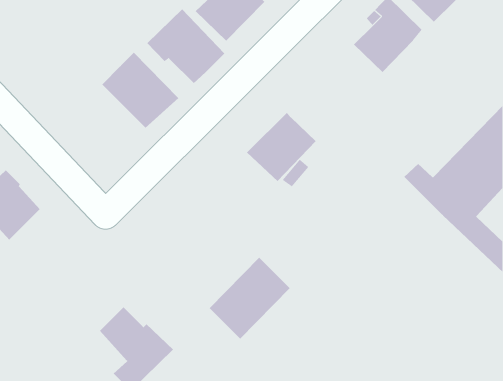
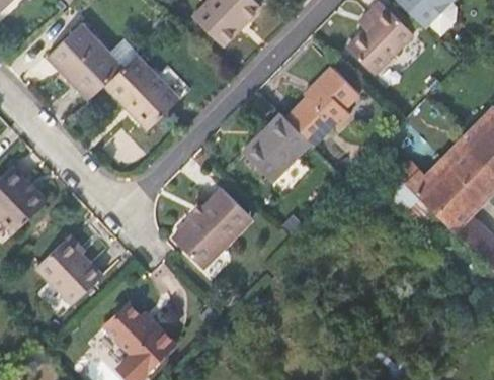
building: [147,9,225,84] -> [46,24,121,97]
building: none -> [286,57,366,144]
building: none -> [36,240,103,307]
building: [209,257,291,340] -> [174,187,253,267]

